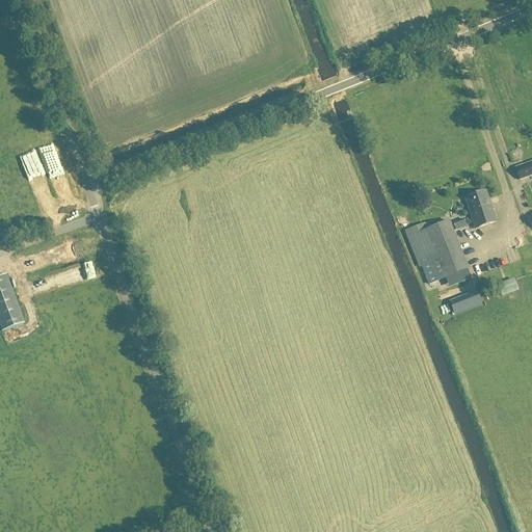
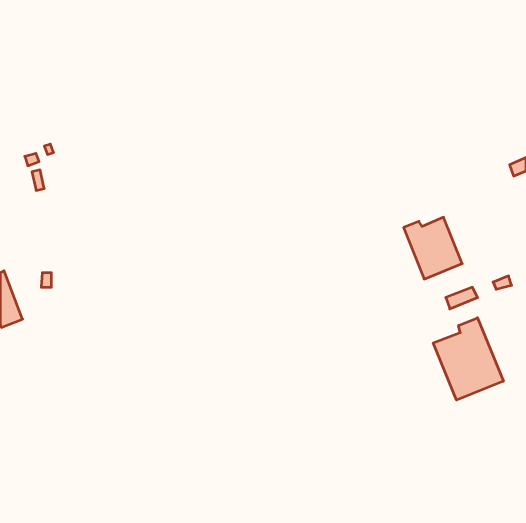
building: [464,189,496,227] -> none
building: none -> [433,318,503,400]

